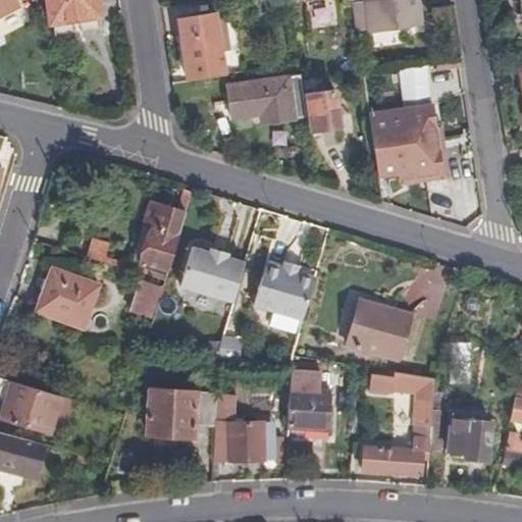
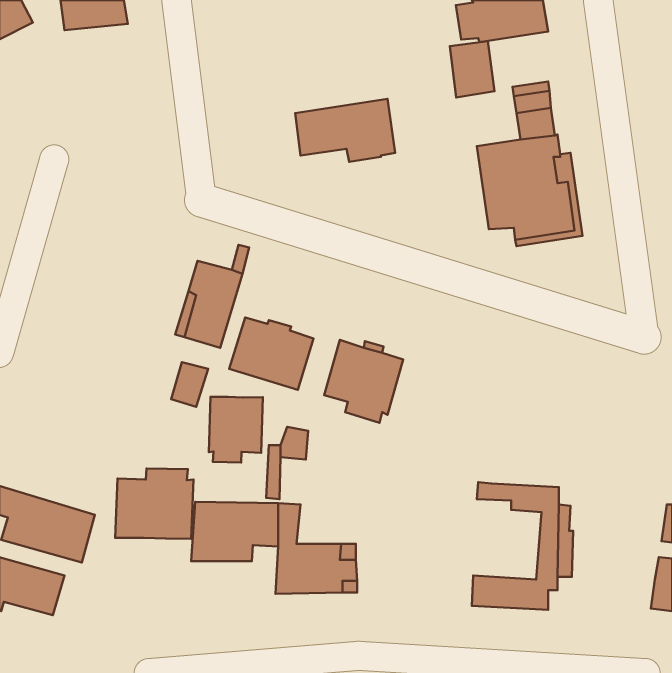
building: [177,15,224,84] -> none
building: [306,92,341,136] -> [450,41,494,98]
building: [38,266,100,326] -> none
building: [342,301,407,361] -> none
building: none -> [209,397,263,462]
building: none -> [115,468,194,539]
building: [286,368,331,428] -> none
building: [453,416,494,460] -> none

